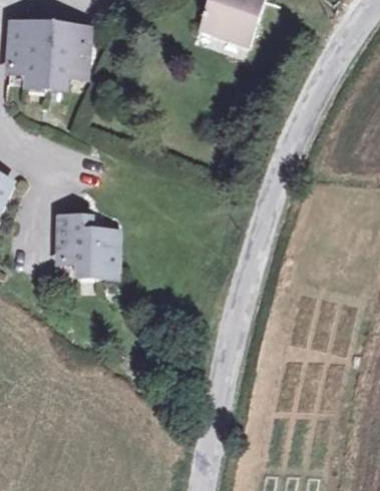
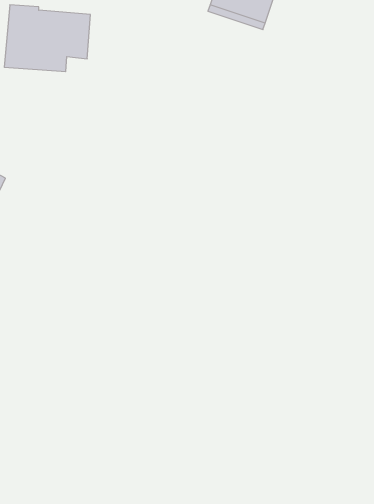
building: [60,214,118,270] -> none

